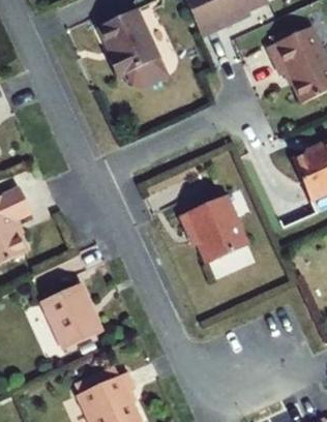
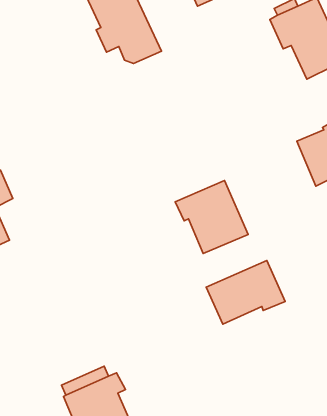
building: none -> [206,261,285,324]
building: [40,283,102,349] -> none

